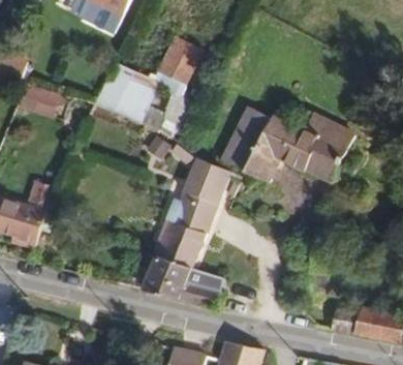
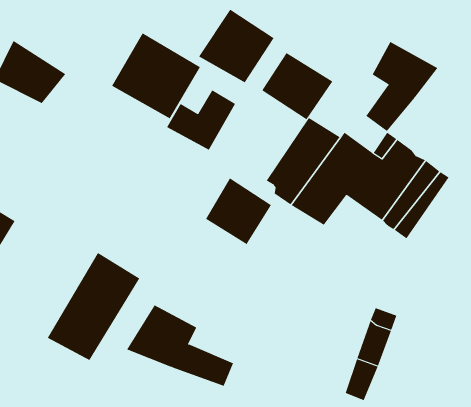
building: none -> [366,41,438,132]
building: none -> [261,52,333,120]
building: [156,190,215,268] -> [47,252,140,361]

